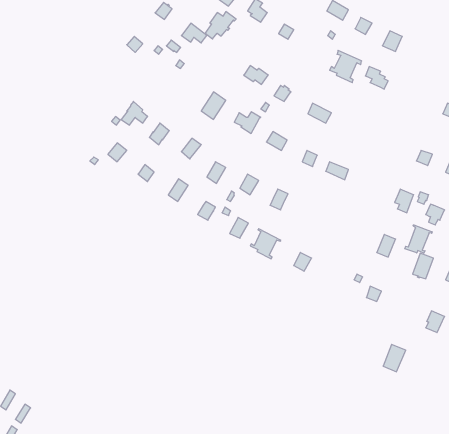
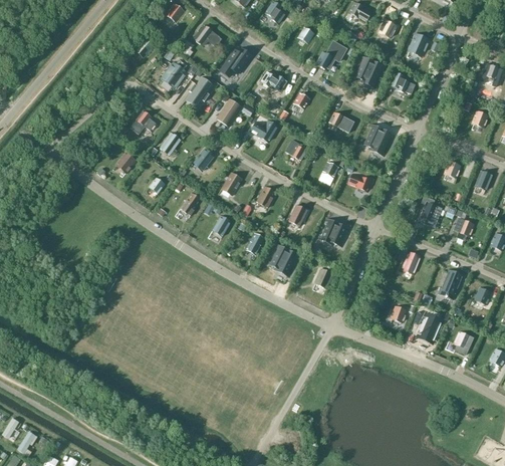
building: [205,12,236,39] -> [220,47,253,76]
building: none -> [315,40,345,70]
building: none -> [161,59,187,88]
building: none -> [185,75,214,108]
building: none -> [360,124,394,155]
building: none -> [316,217,350,246]
building: [405,225,432,253] -> none
building: [383,344,406,372] -> [418,313,442,342]

